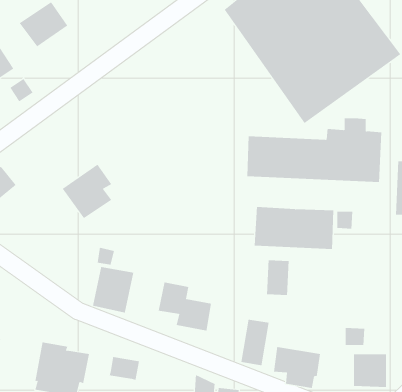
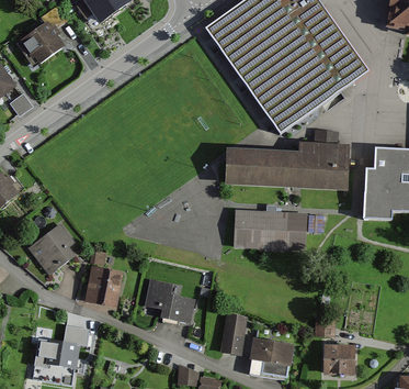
building: [62,164,112,219] -> [30,223,76,274]
building: [267,259,289,296] -> none
building: [109,356,140,380] -> [63,324,91,346]

